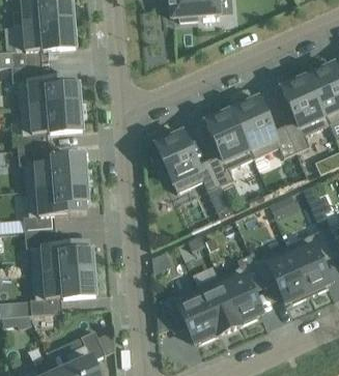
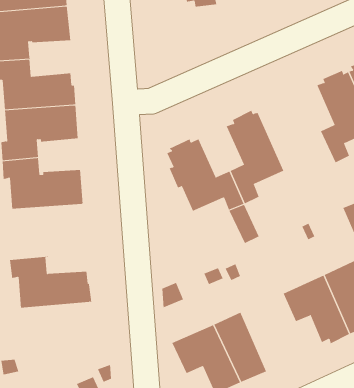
building: [232,96,296,157] -> none
building: [23,185,88,232] -> none
building: [218,260,263,325] -> none
building: [30,267,95,314] -> none

